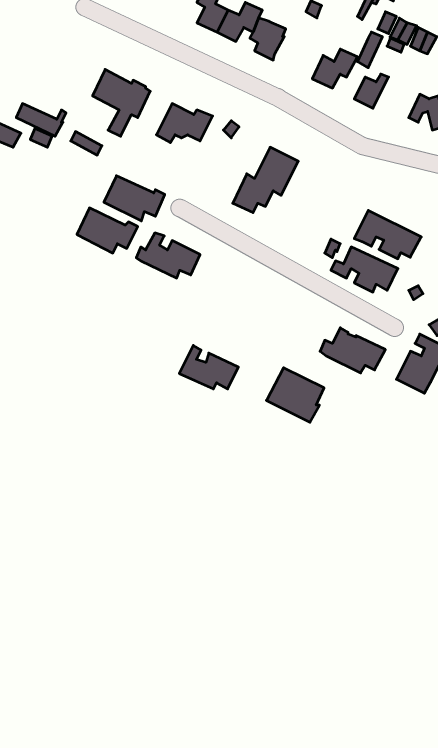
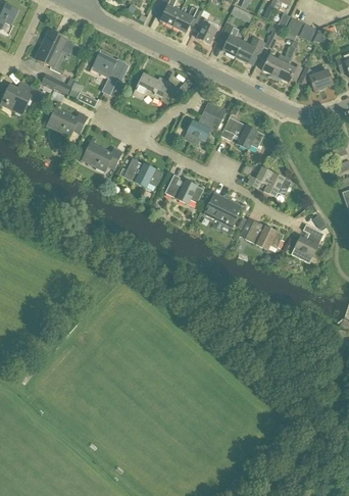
building: none -> [221,23,243,56]
building: none -> [36,31,66,64]
building: none -> [276,44,303,82]
building: [104,176,165,221] -> [47,106,87,136]
building: [354,210,421,259] -> [220,116,264,148]
building: [179,345,238,389] -> [165,173,204,202]
building: [266,368,324,422] -> [204,191,242,227]

